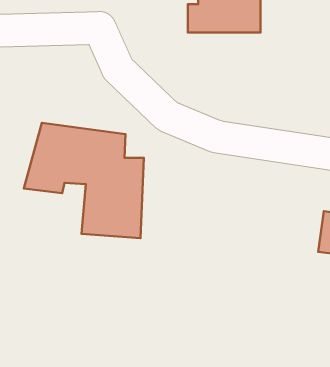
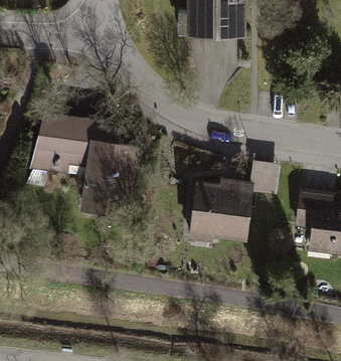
building: none -> [189,162,280,245]

